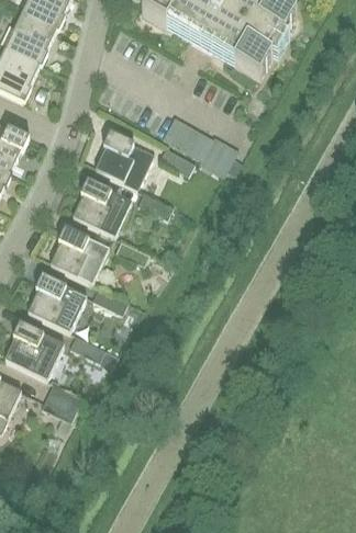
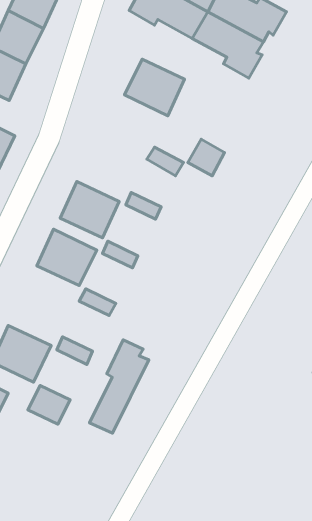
building: [96,134,155,190] -> [124,59,184,116]
building: [29,276,87,332] -> none
building: none -> [90,340,149,433]

